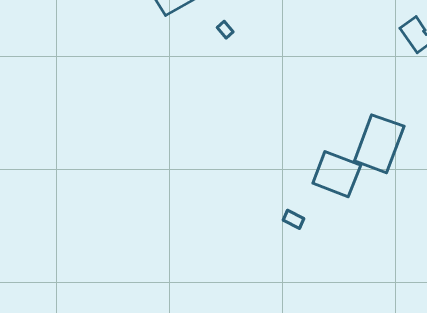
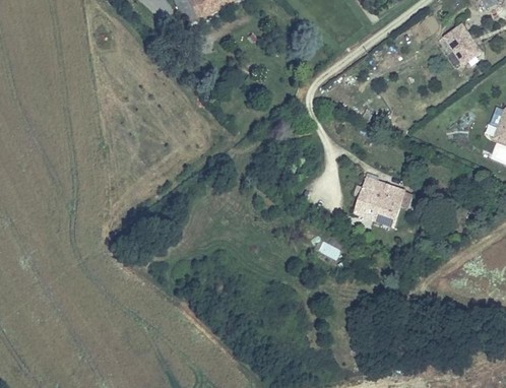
building: [355,115,404,173] -> none

